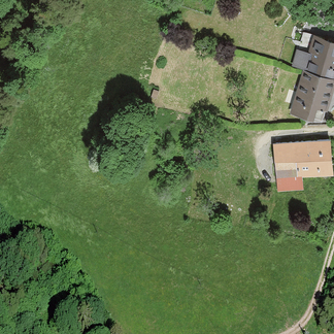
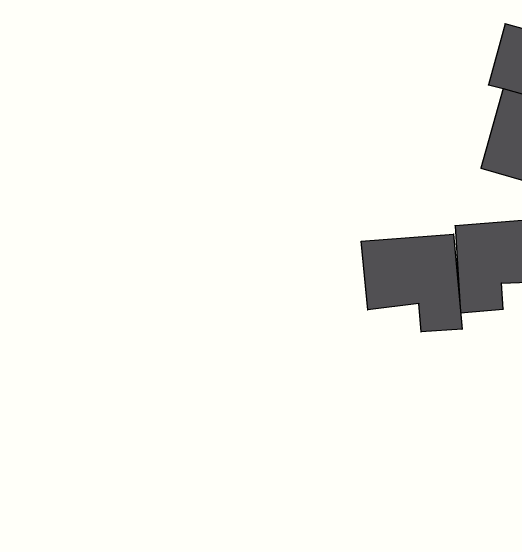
building: none -> [361,234,462,332]

